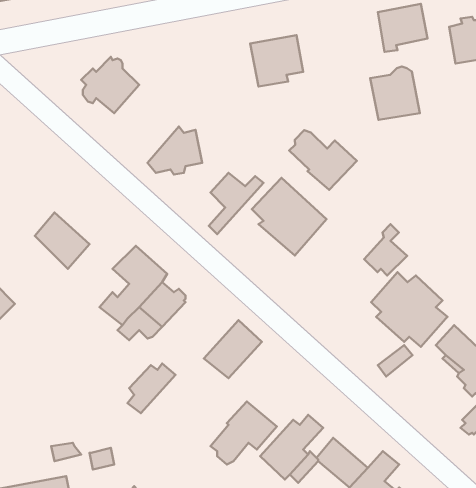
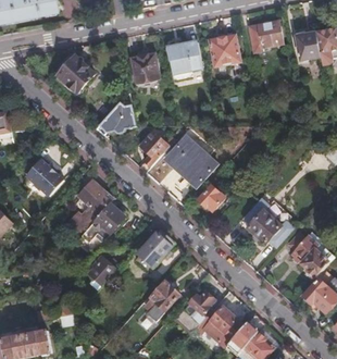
building: none -> [129,51,159,82]
building: [370,67,420,120] -> [209,32,241,66]
building: [289,130,357,190] -> none
building: [364,224,407,276] -> [198,176,226,210]

